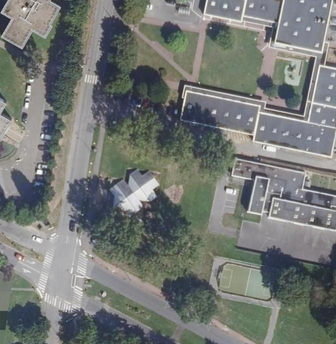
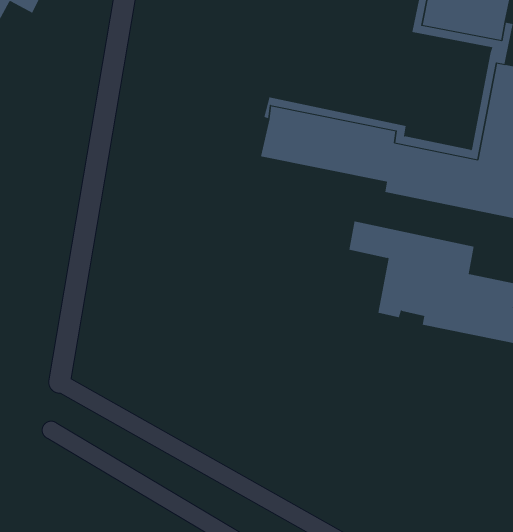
building: [112,172,153,210] -> none

